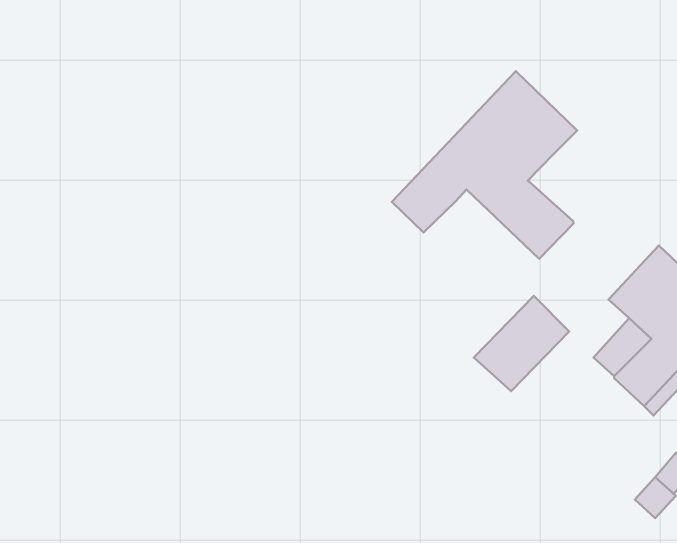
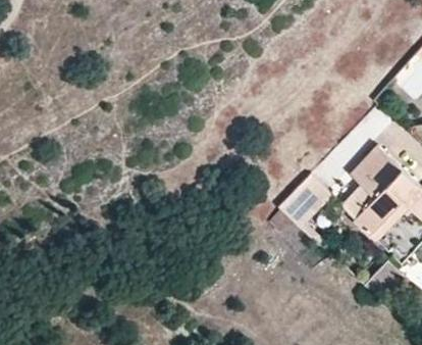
building: [392,71,577,259] -> none

